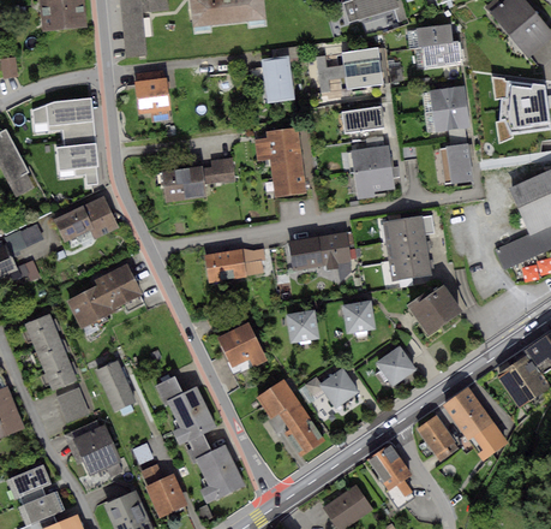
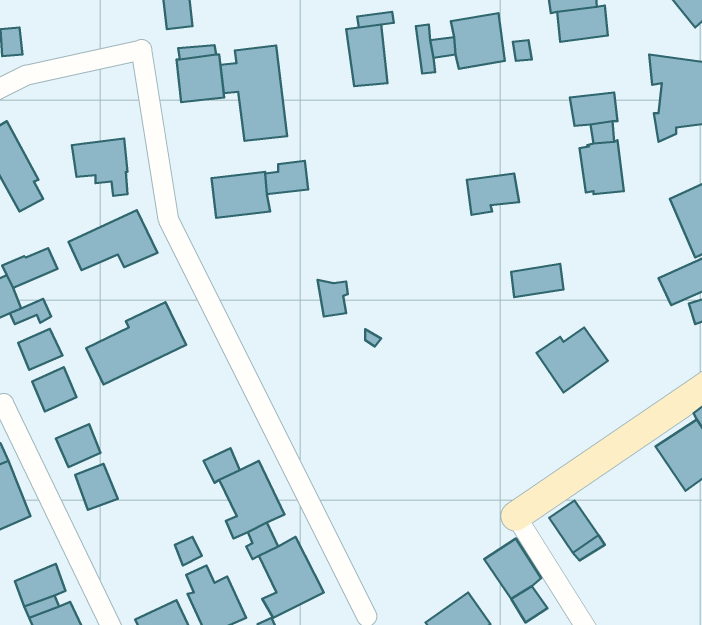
building: [430,85,466,109] -> none
building: [31,97,95,144] -> none
building: [342,106,383,132] -> none
building: [256,126,306,198] -> [221,46,287,141]
building: [352,145,390,172] -> none
building: [384,215,425,242] -> none
building: [289,232,352,281] -> none
building: [204,248,246,281] -> none
building: [390,255,431,287] -> none
building: [341,299,375,332] -> none
building: [286,309,319,343] -> none
building: [217,321,266,374] -> none
building: [35,337,68,368] -> [18,329,63,370]
building: [375,345,415,386] -> none
building: [95,361,136,410] -> none
building: [306,368,360,409] -> none
building: [257,380,324,456] -> none
building: [443,386,508,459] -> none
building: [71,422,125,475] -> none

